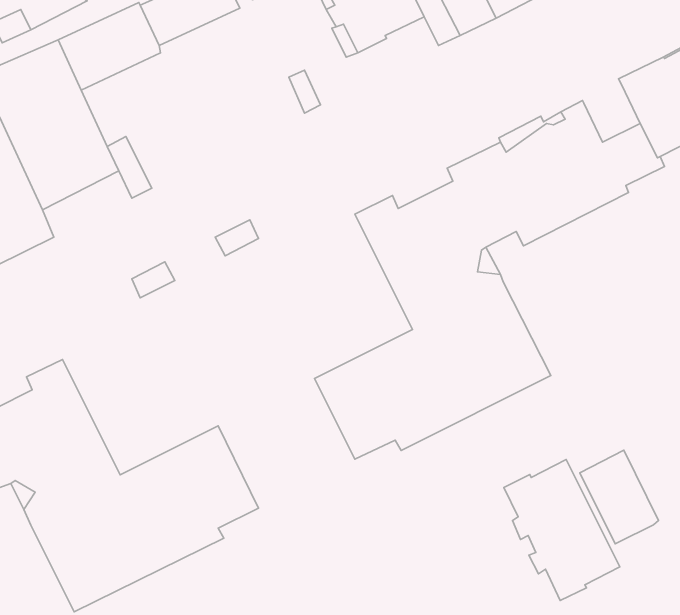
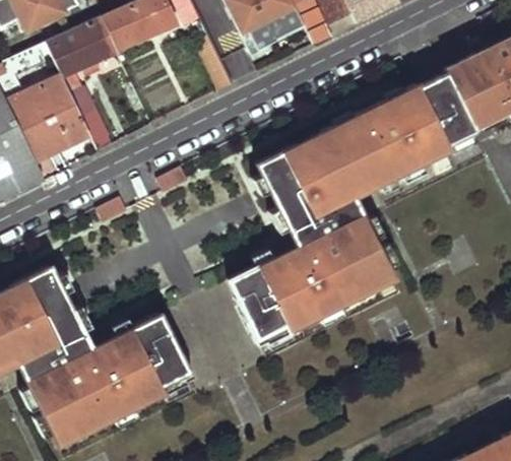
building: none -> [419,72,458,113]
building: [580,450,658,544] -> none
building: [504,460,620,601] -> none

